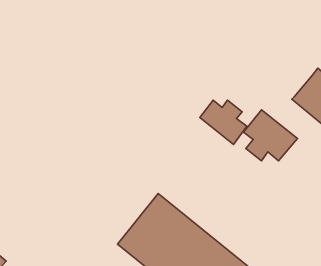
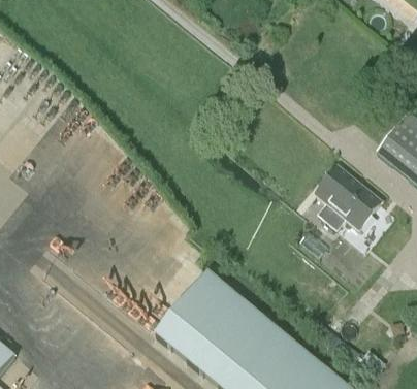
building: [200,100,247,144] -> none

